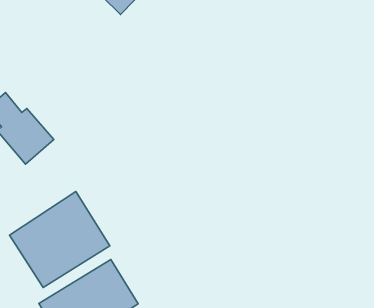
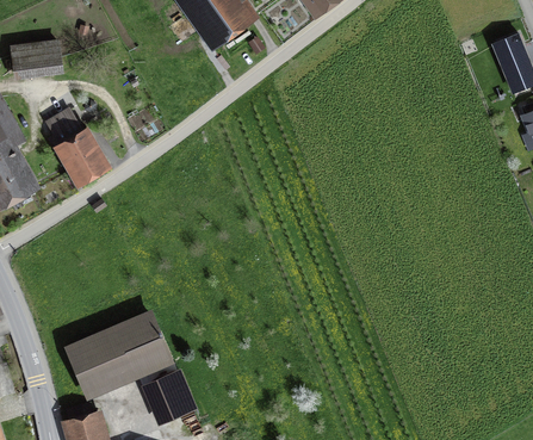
building: [9,192,110,288] -> none

